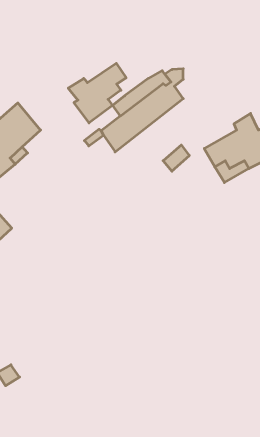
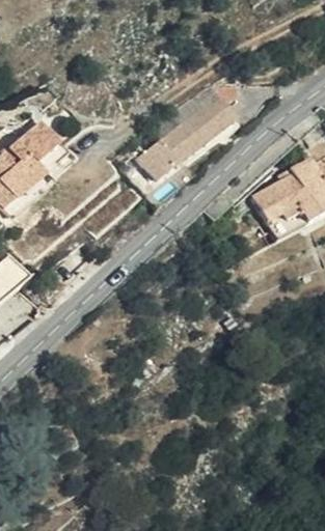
building: [68,63,126,123] -> none

